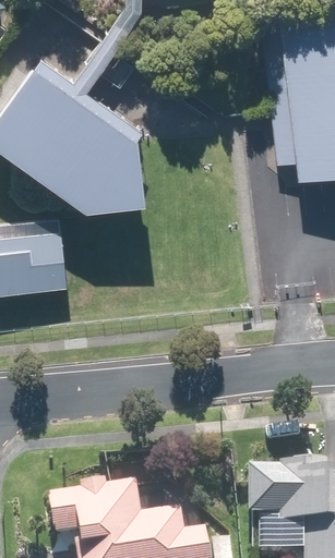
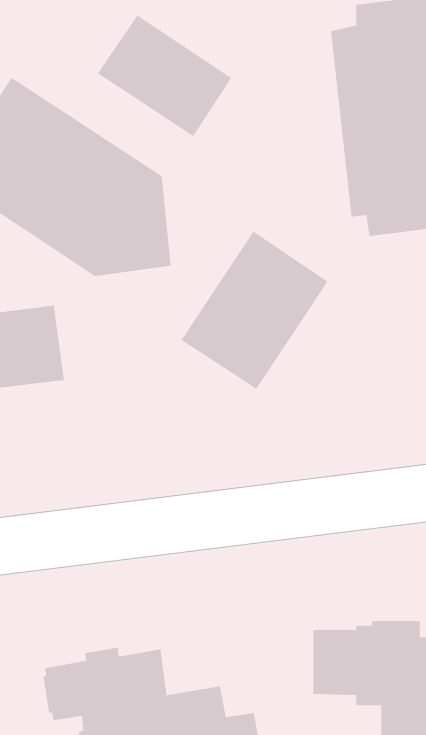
building: none -> [97,15,232,137]
building: none -> [180,230,329,390]

